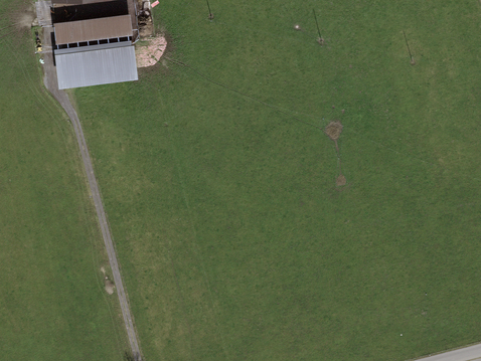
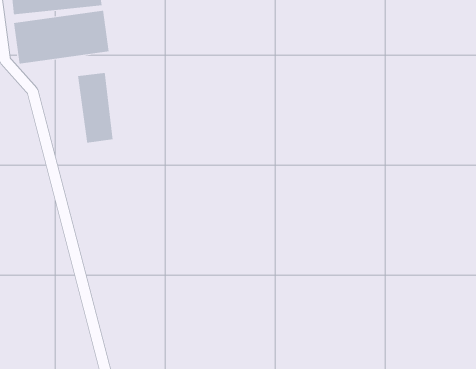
building: none -> [77,72,113,144]

